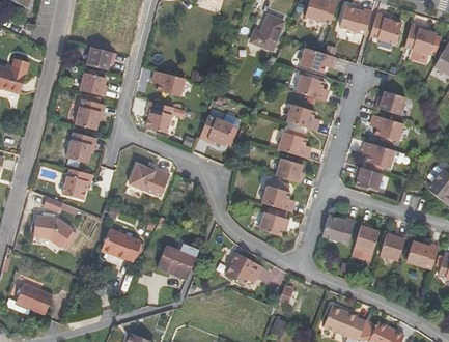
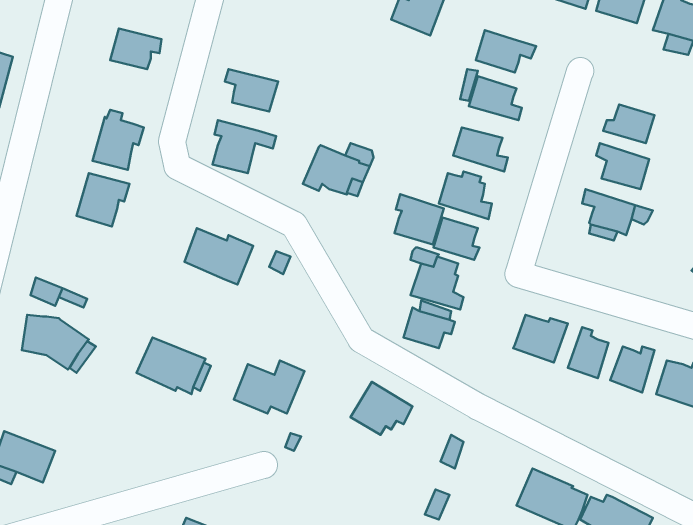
building: [80,73,106,96] -> none
building: none -> [394,194,444,244]
building: [355,167,382,191] -> none
building: [61,168,91,199] -> none

